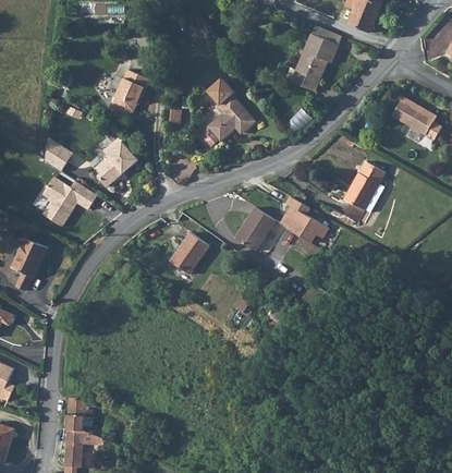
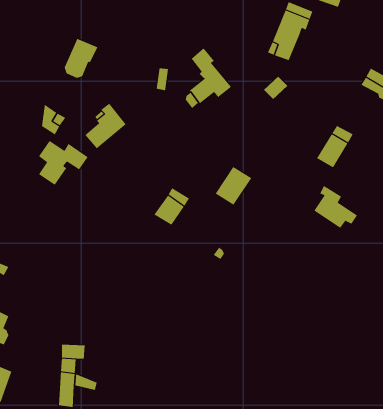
building: [113,72,150,116] -> [64,38,98,78]
building: [279,195,327,242] -> [314,185,358,229]
building: [8,238,44,291] -> none

